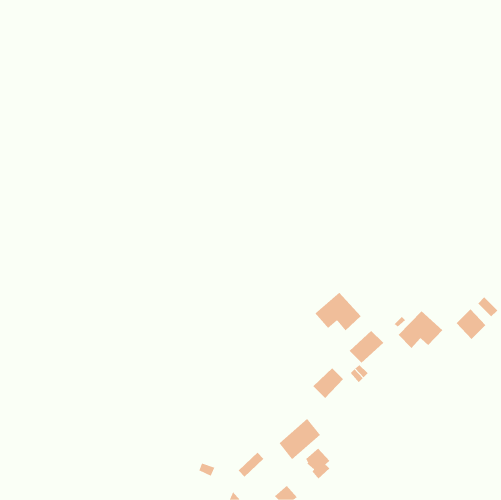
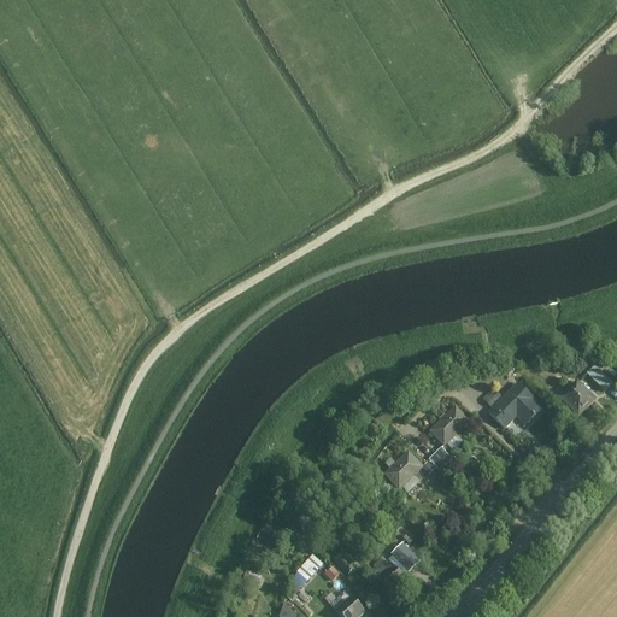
building: [315,292,361,331] -> none
building: [279,418,321,460] -> none

